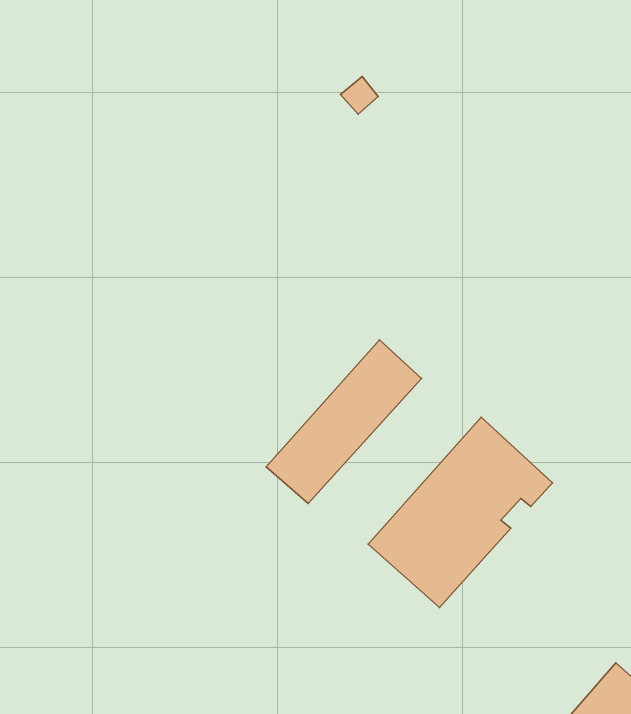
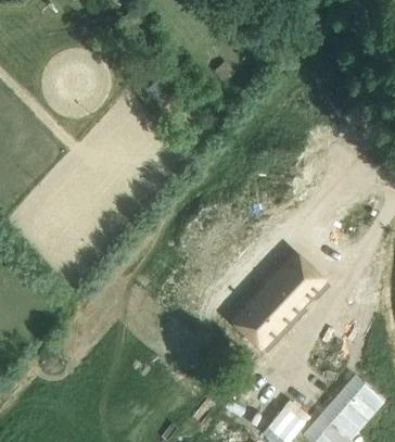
building: [266,340,422,503] -> none

